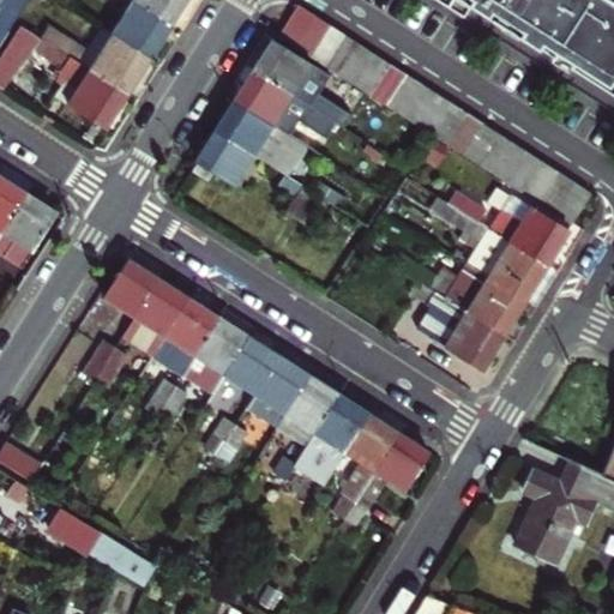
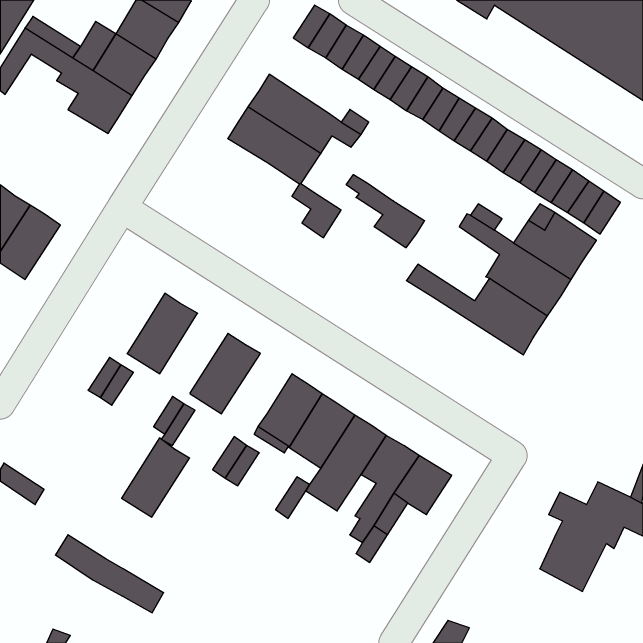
building: [257,41,333,108] -> none
building: [192,132,254,186] -> none
building: none -> [346,175,425,248]
building: [103,260,157,318] -> none
building: [405,283,499,369] -> none
building: [152,299,217,374] -> [122,438,190,517]
building: [224,337,278,395] -> none

